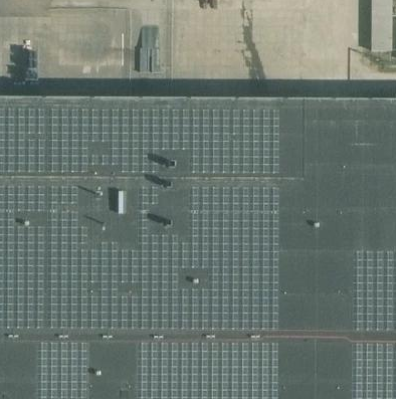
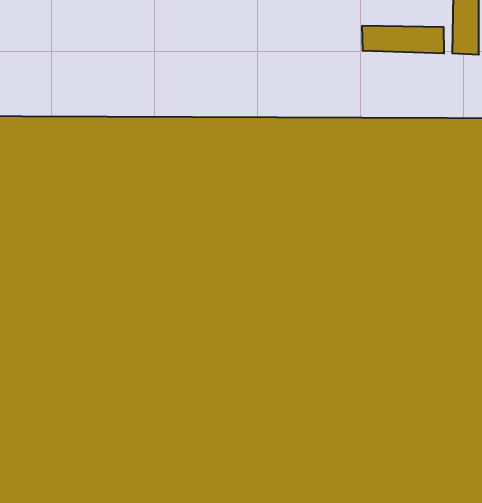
building: none -> [362,26,444,54]

